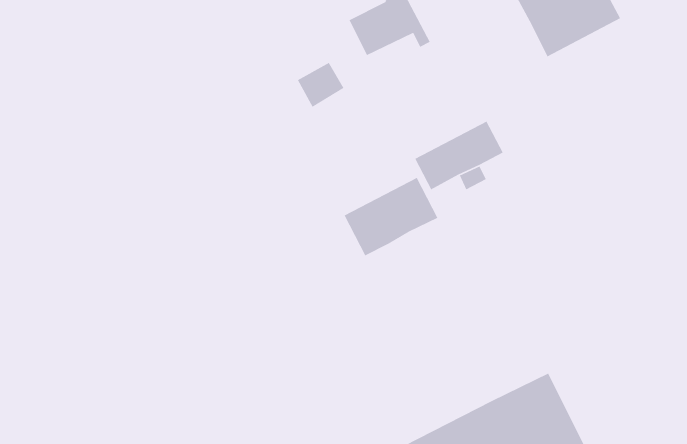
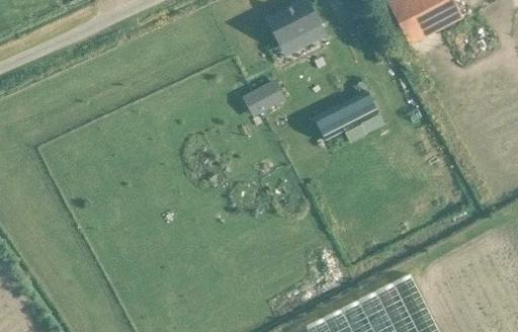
building: [297,62,345,108] -> [250,81,284,114]
building: [343,177,439,256] -> none

